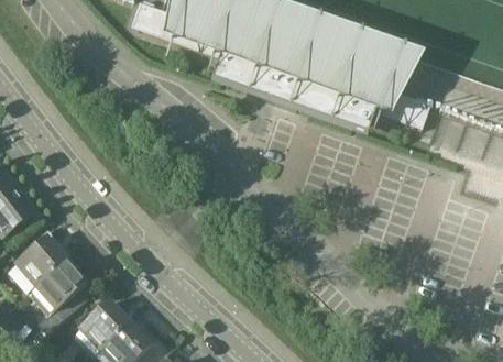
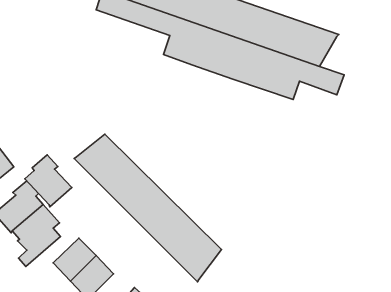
building: none -> [74,134,221,282]
building: none -> [25,155,72,207]

